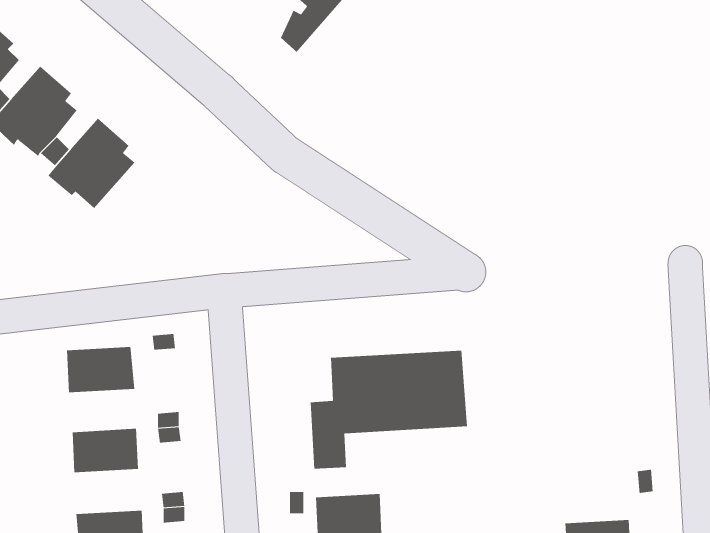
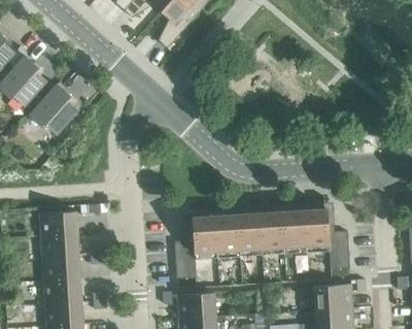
building: none -> [260,207,350,269]
building: none -> [41,234,79,258]
building: none -> [44,278,82,303]
building: none -> [314,284,352,308]

